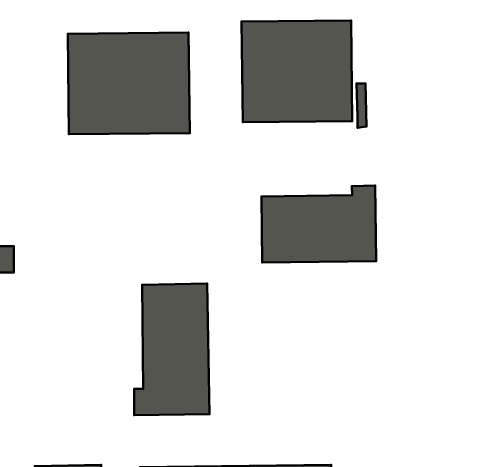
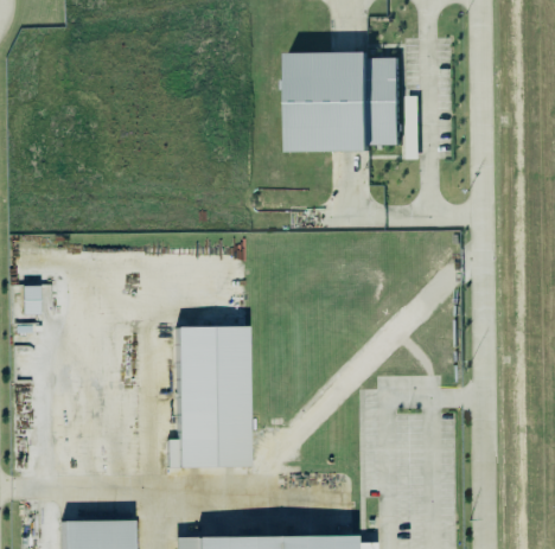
building: [68,33,190,134] -> none
building: [262,185,376,262] -> none

